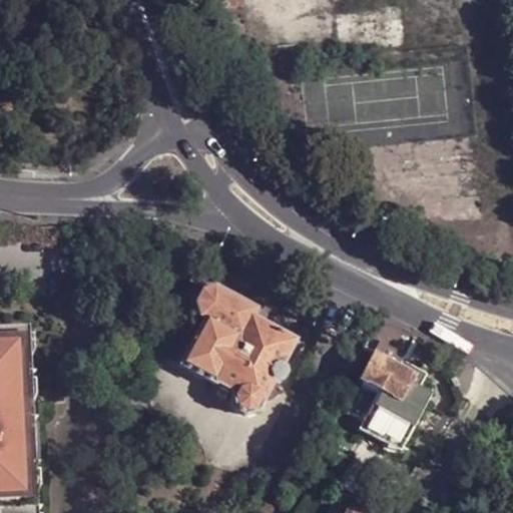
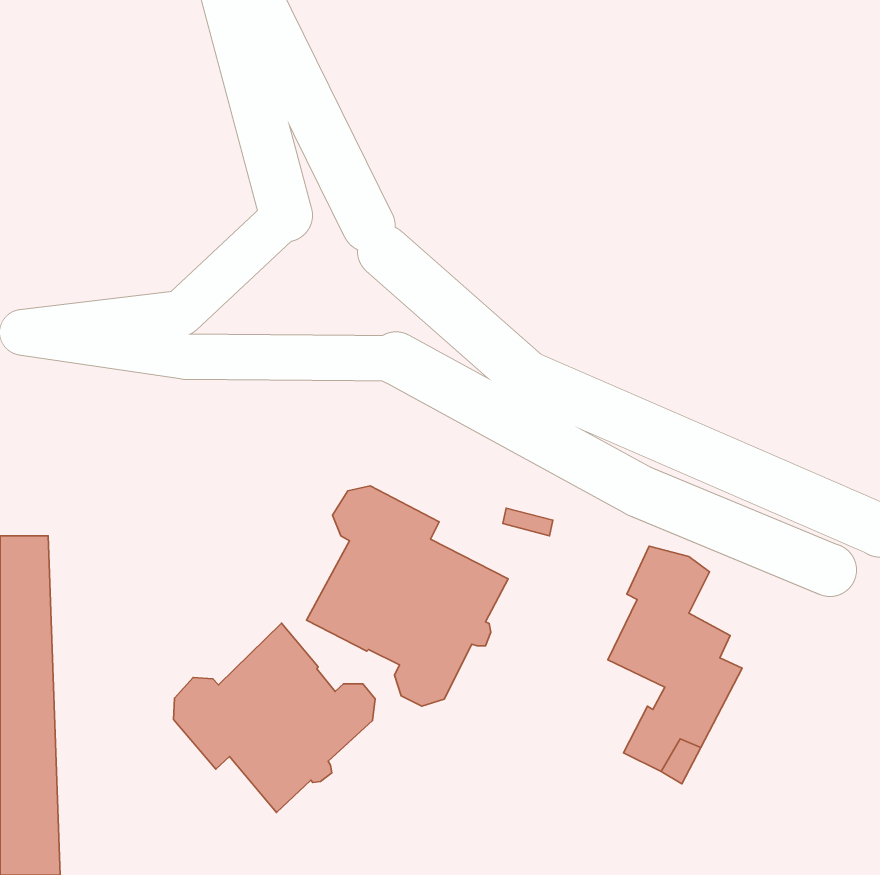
building: none -> [173,623,375,813]

